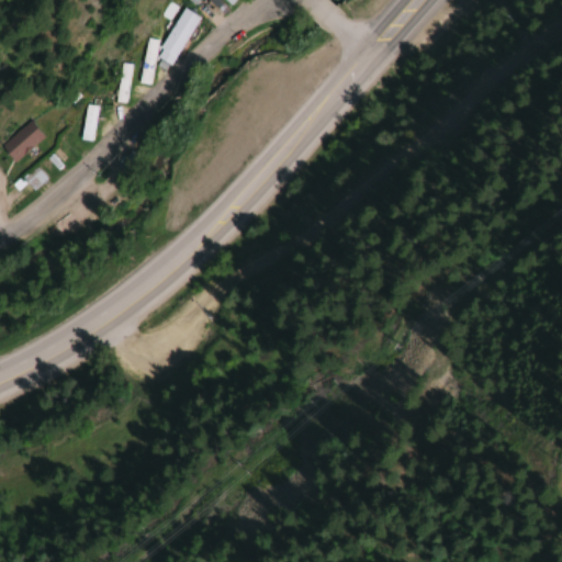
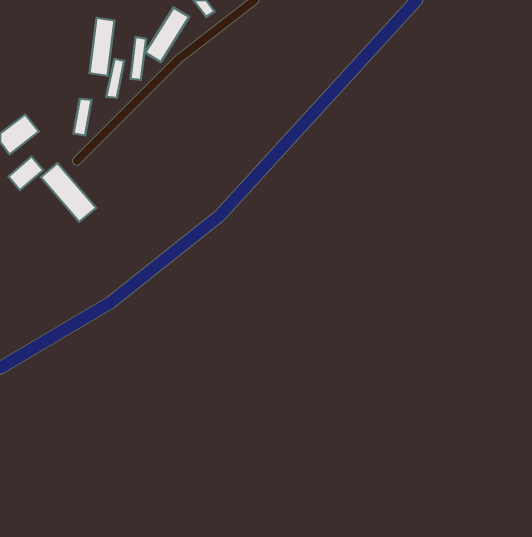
building: none -> [90,18,115,76]
building: none -> [41,163,96,222]

